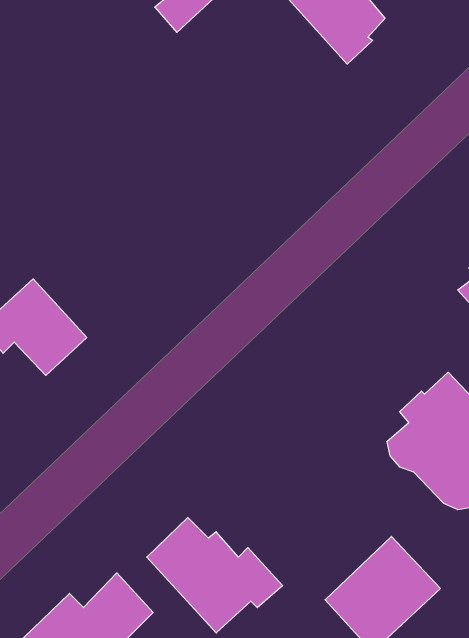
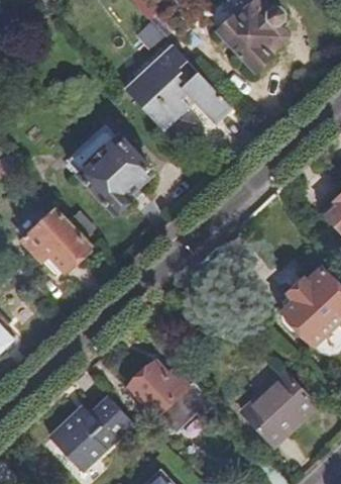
building: none -> [123,45,229,128]
building: none -> [64,123,149,211]

